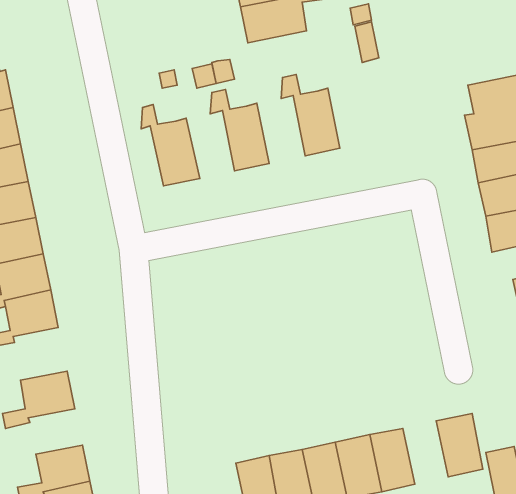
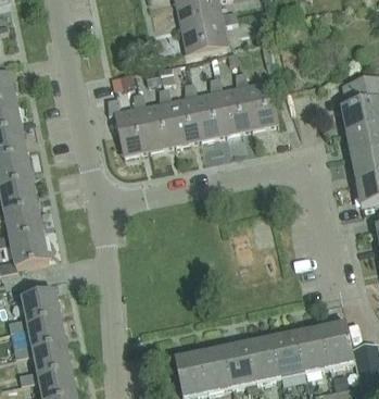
building: none -> [235,71,277,129]
building: none -> [184,82,226,140]
building: none -> [132,92,175,151]
building: none -> [13,317,65,358]
building: none -> [296,326,329,372]

